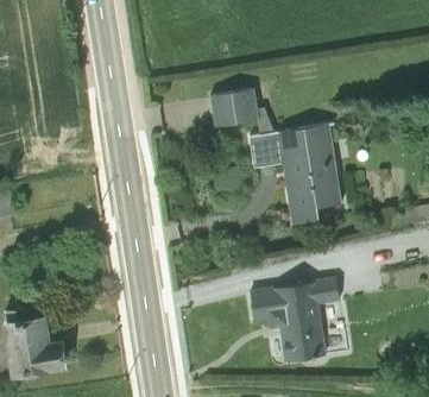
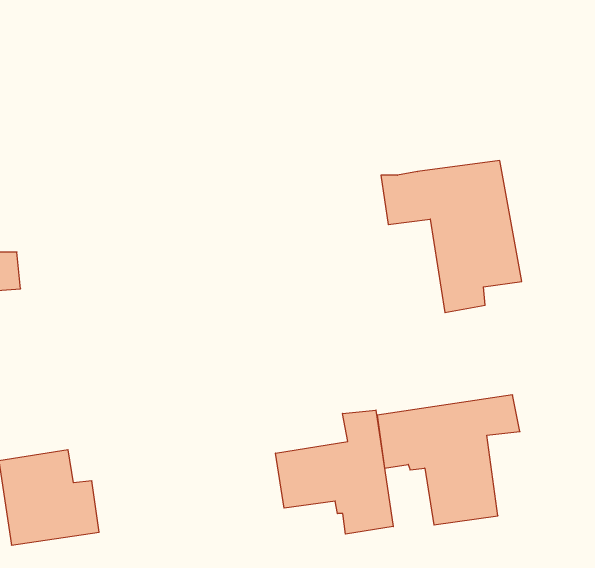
building: [210,89,275,136] -> none
building: none -> [276,410,393,534]

